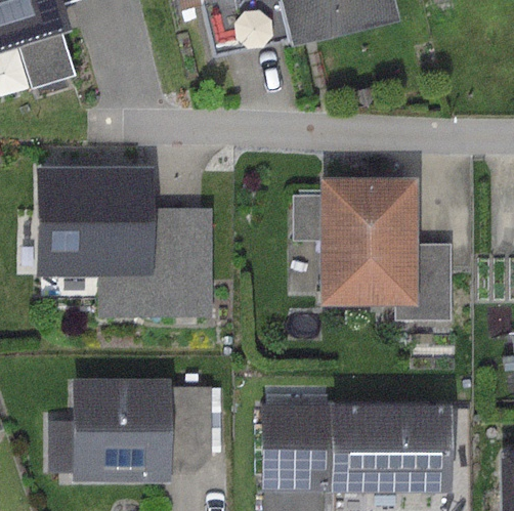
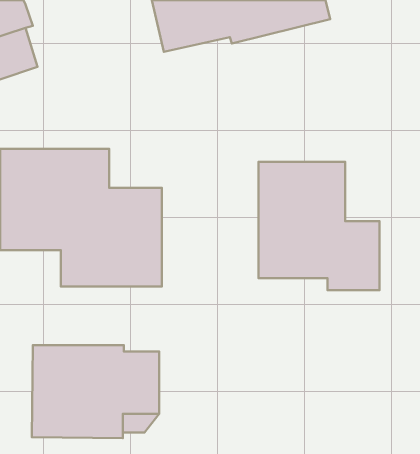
building: [261,403,451,491] -> none

